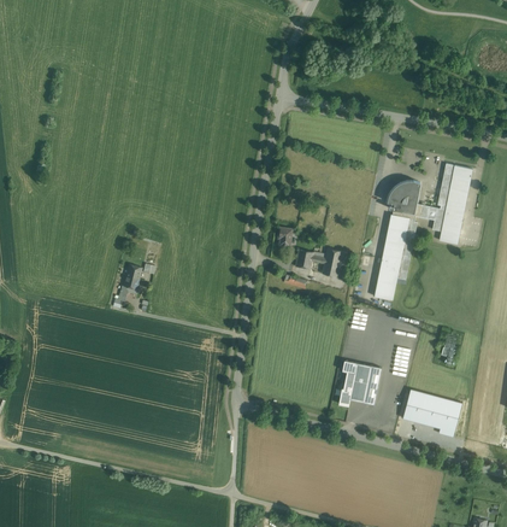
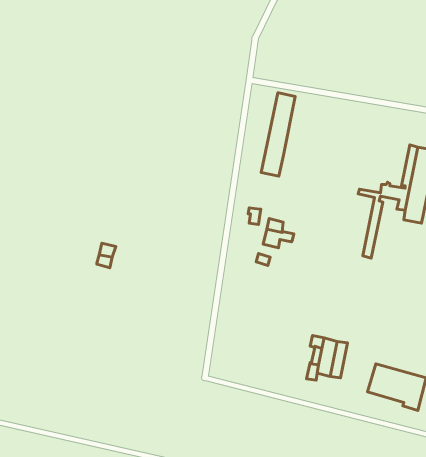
building: [388,180,421,212] -> none
building: [375,213,409,299] -> [261,93,295,176]
building: [323,247,347,277] -> none

